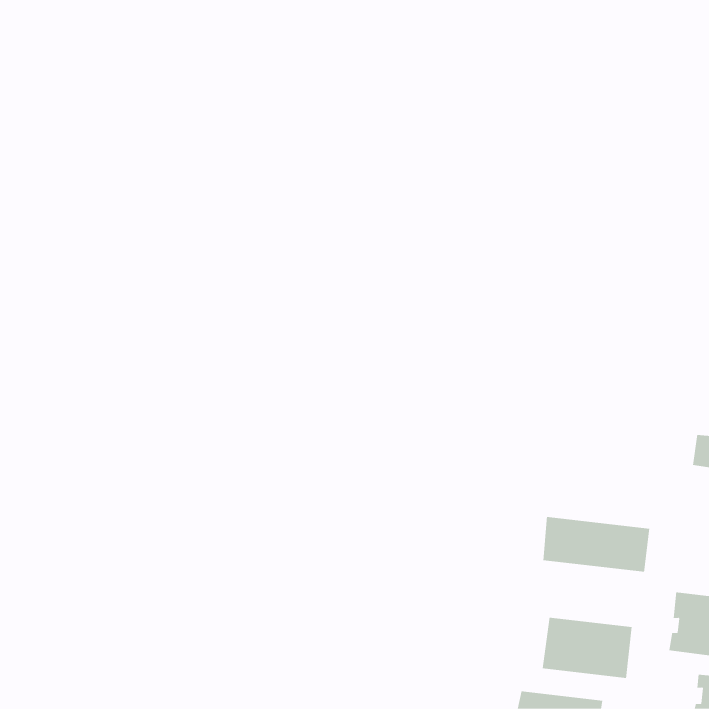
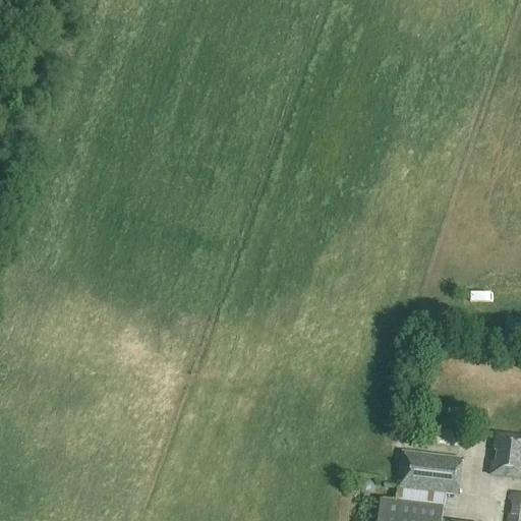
building: [543,516,650,573] -> none

